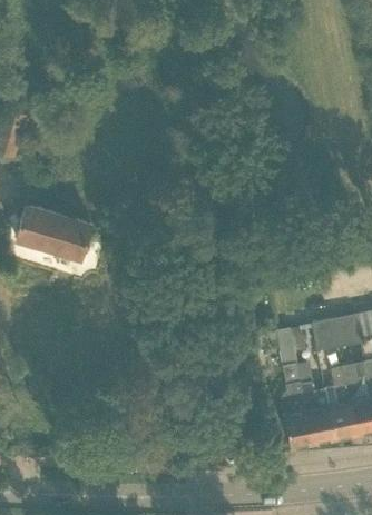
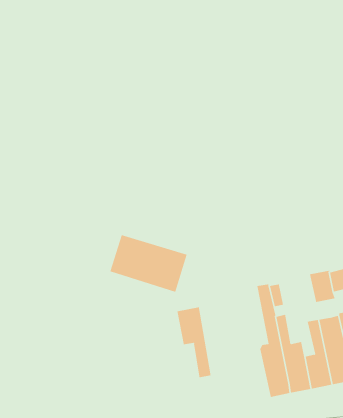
building: [14,200,97,261] -> [110,235,188,293]
building: [309,320,336,355] -> none
building: none -> [177,307,211,378]

